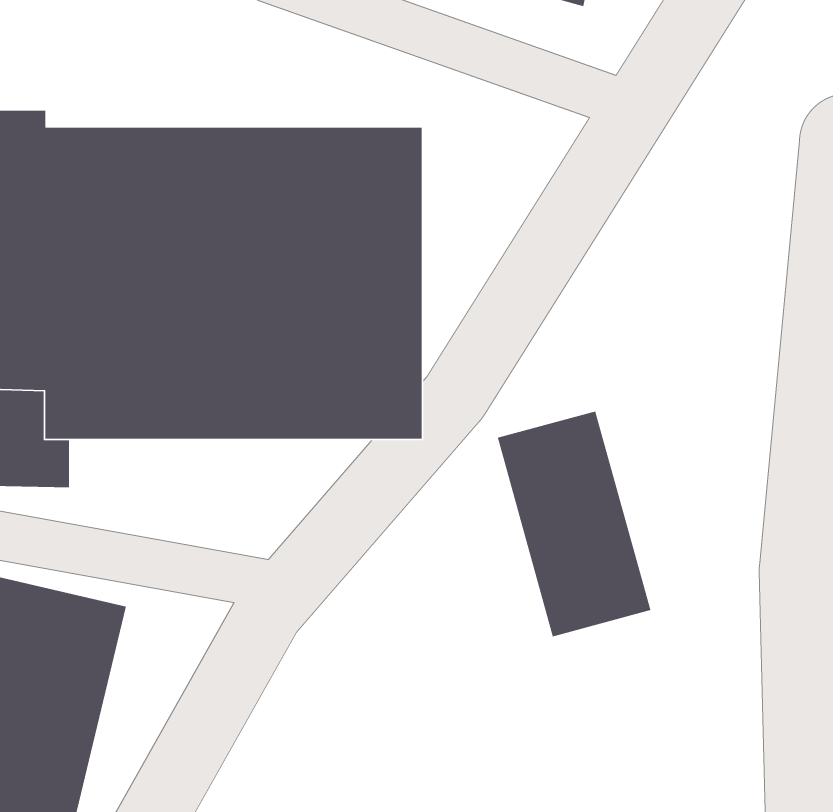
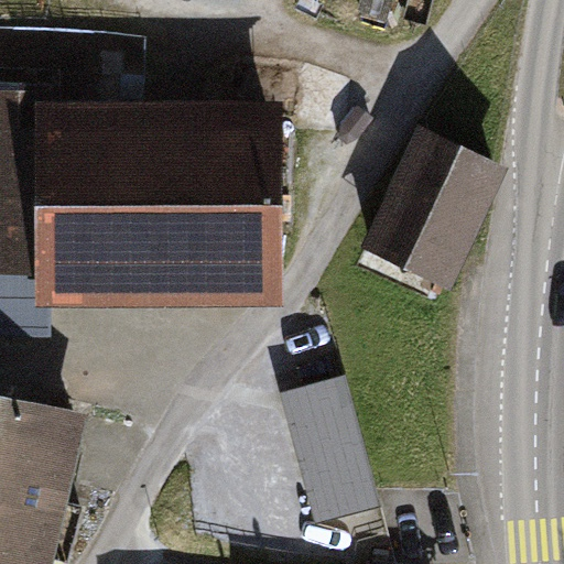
building: none -> [359,126,508,292]
building: [497,410,651,637] -> [276,378,378,527]

